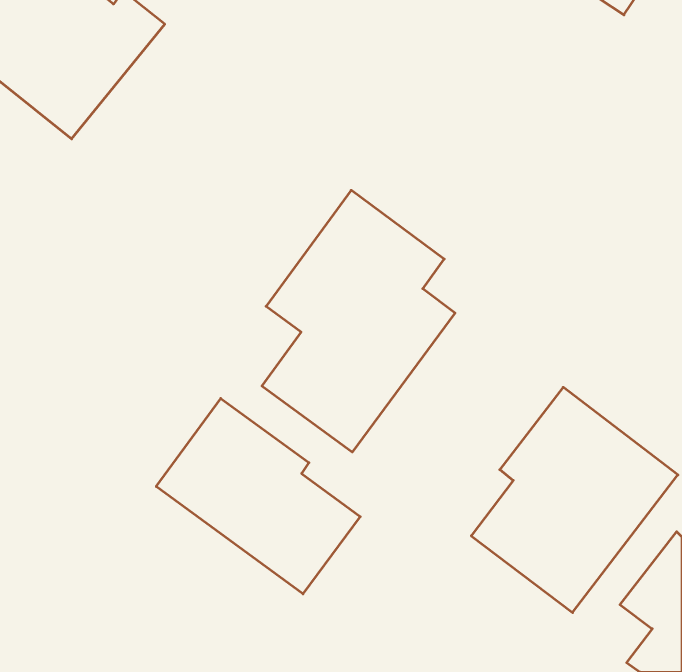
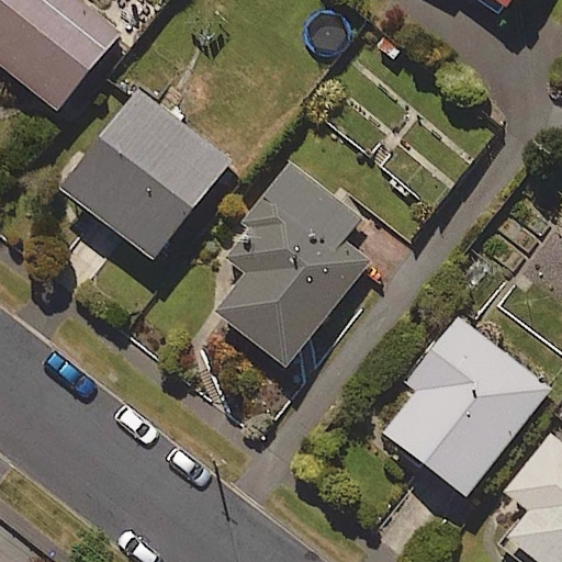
building: none -> [58,85,233,262]
building: [156,398,360,594] -> none

